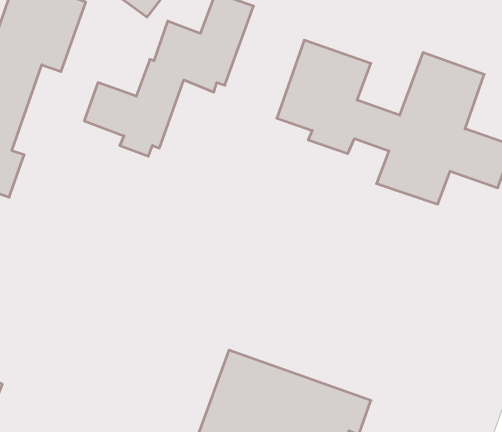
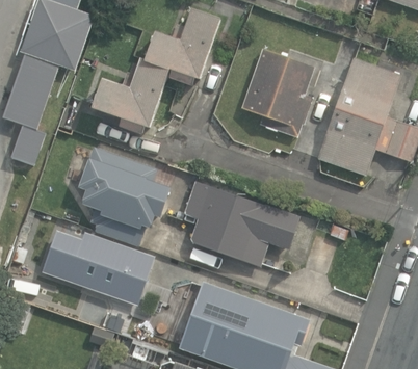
building: none -> [74,142,168,241]
building: none -> [183,183,298,269]
building: none -> [43,228,150,299]

